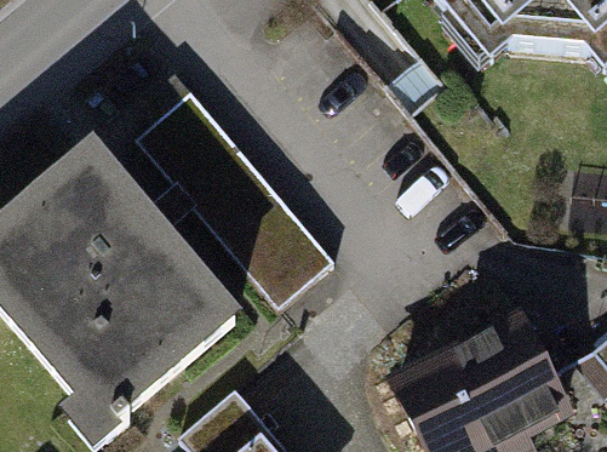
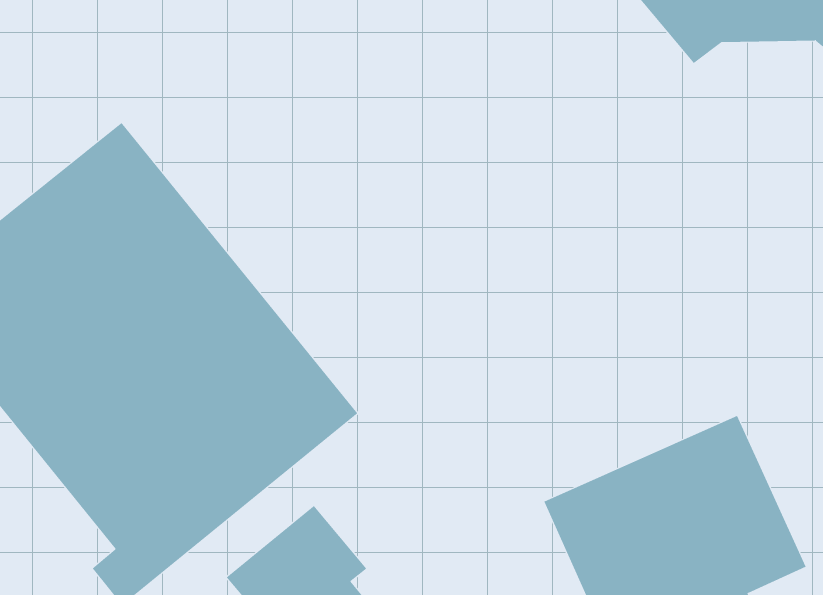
building: [142,98,333,307] -> none

